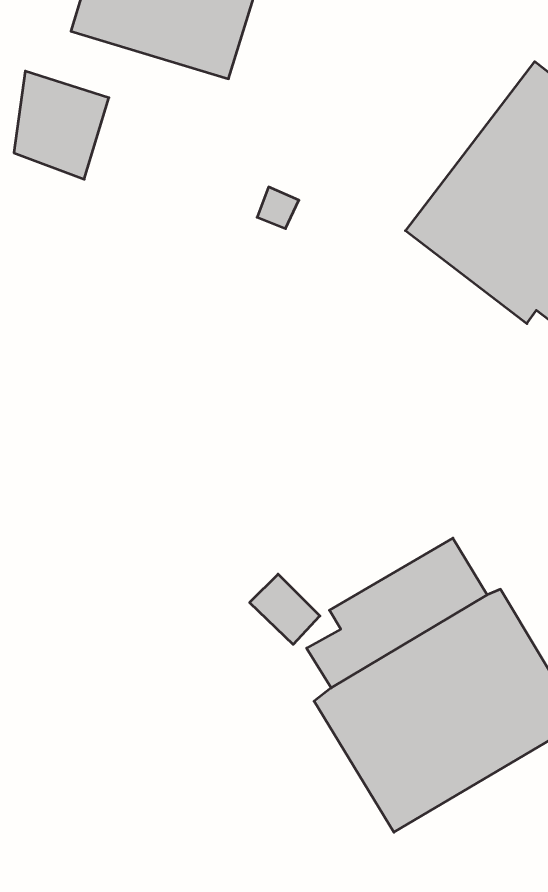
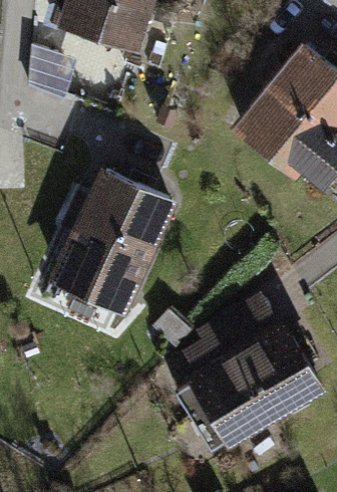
building: none -> [49,167,178,315]

